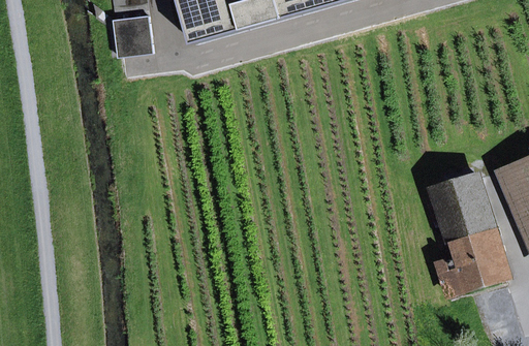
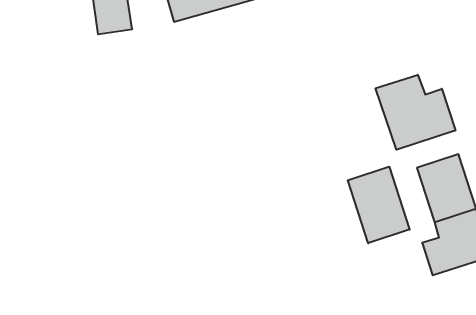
building: none -> [376,75,455,150]
building: none -> [348,167,410,243]

